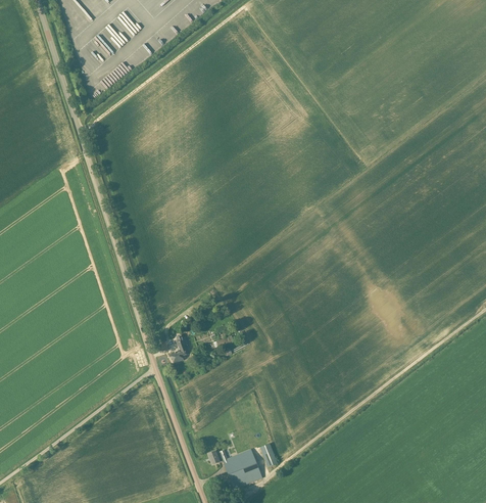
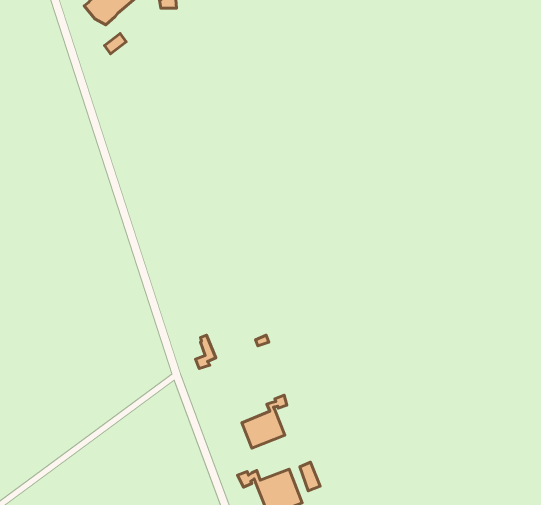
building: none -> [242,395,287,448]

